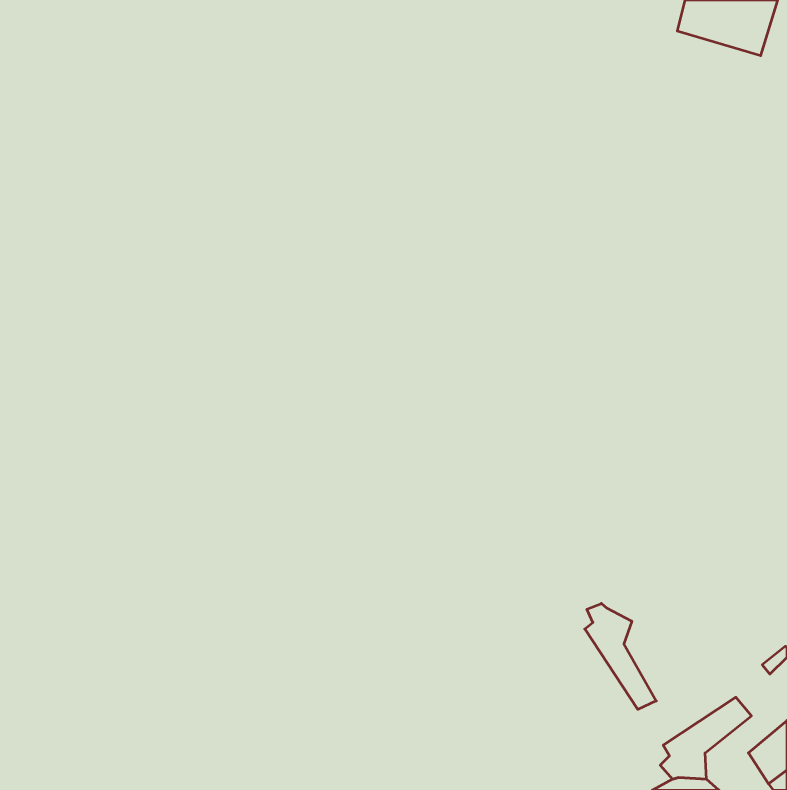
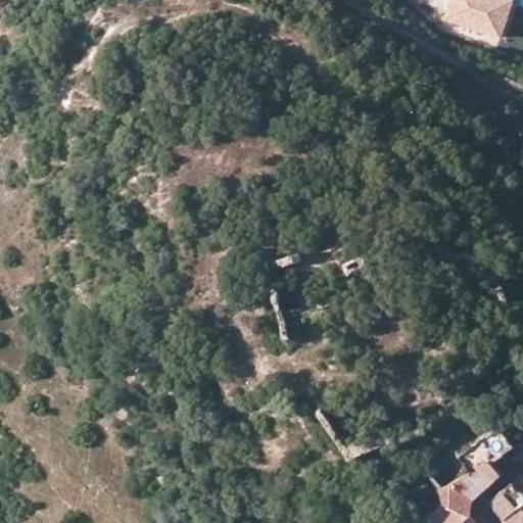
building: [585,603,656,709] -> none

